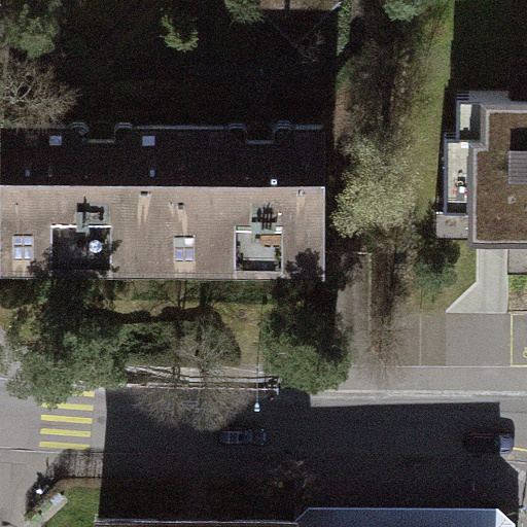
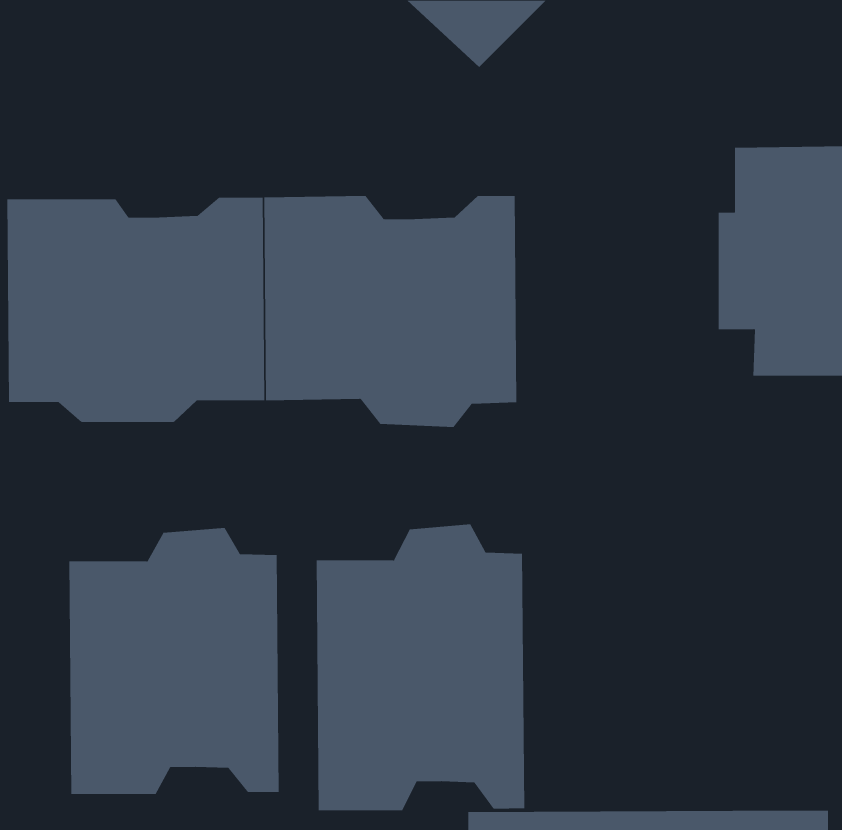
building: none -> [316,524,525,811]
building: none -> [69,527,279,795]

